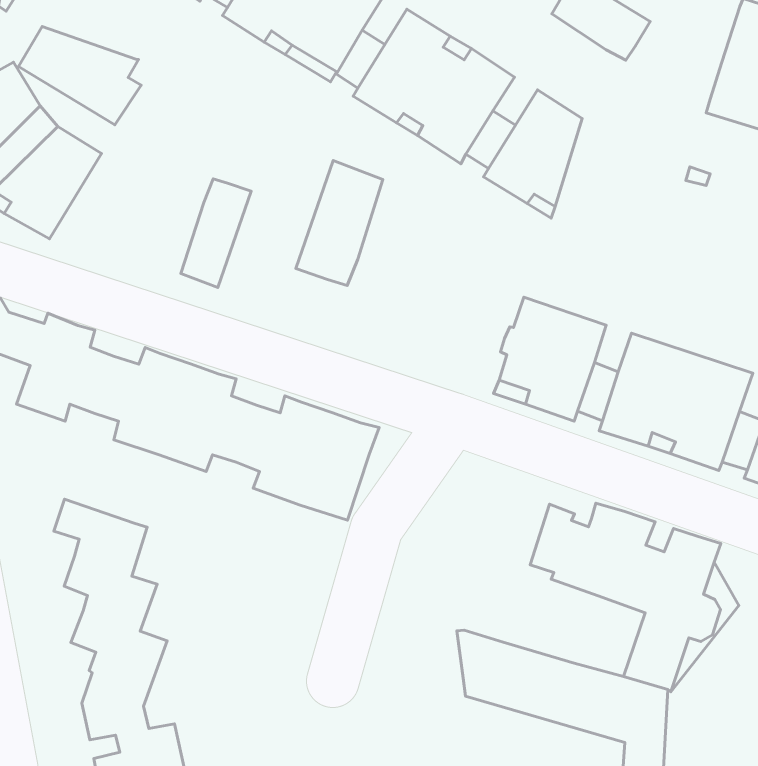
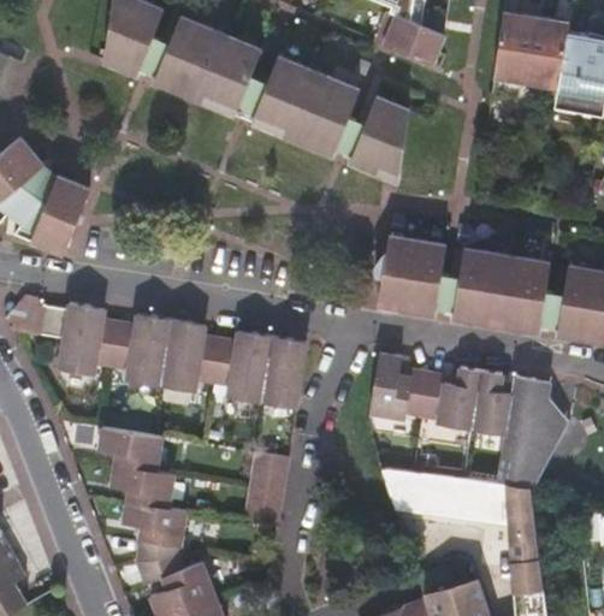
building: [18,26,141,125] -> none
building: [296,161,383,285] -> none
building: [181,179,251,288] -> none
building: none -> [371,355,431,419]
building: none -> [244,451,288,525]

